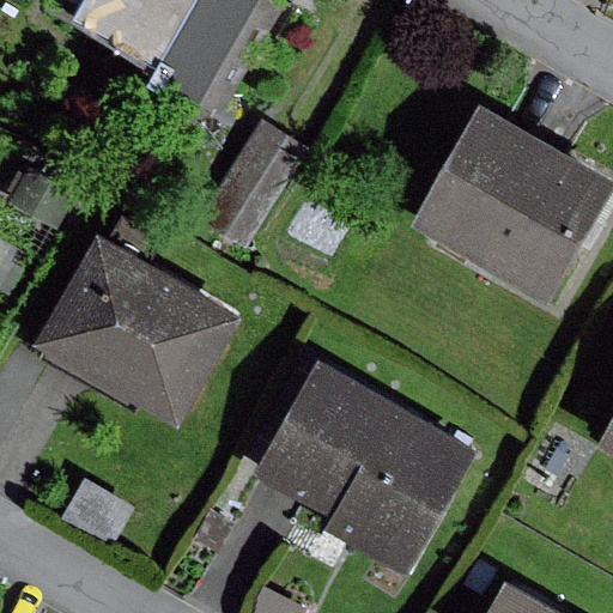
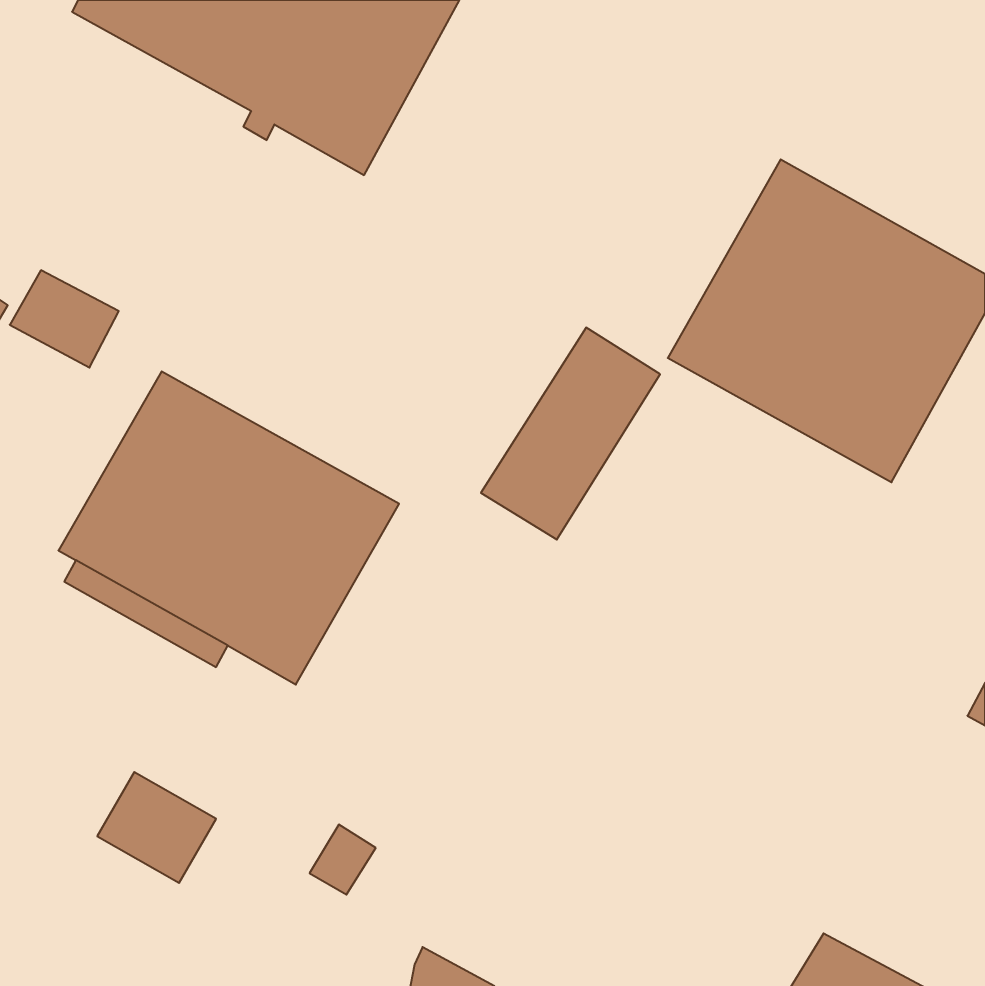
building: [194,121,304,251] -> [481,328,660,540]
building: [251,357,478,576] -> none

